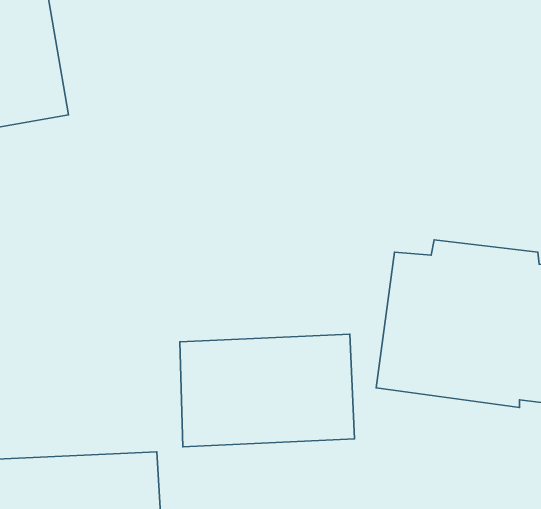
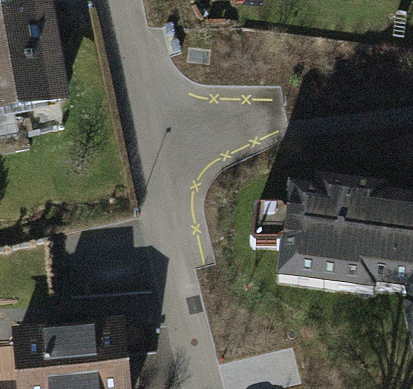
building: [180,334,355,447] -> none

